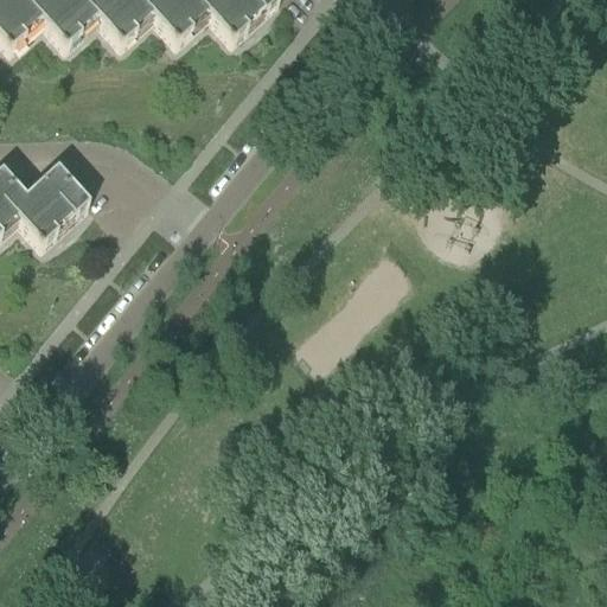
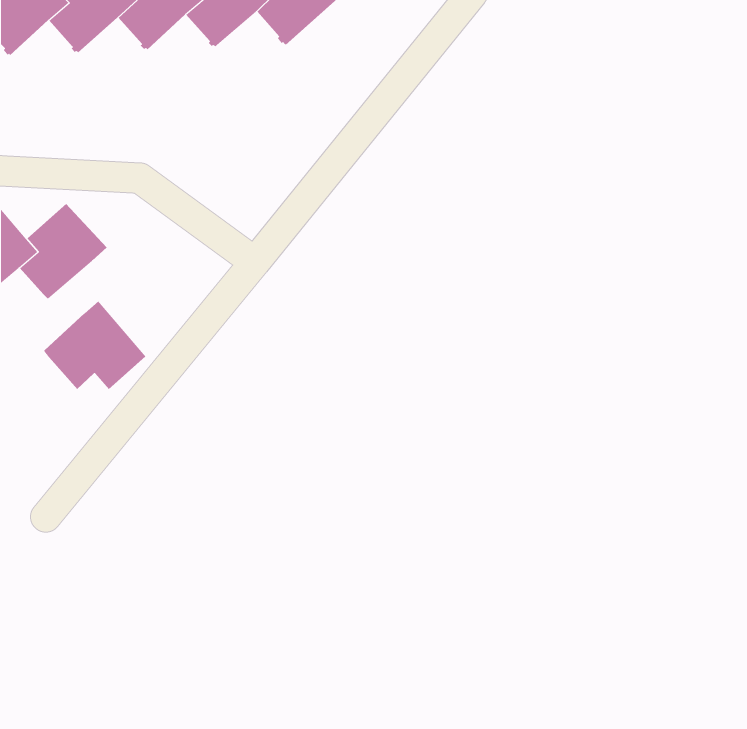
building: none -> [44,301,146,390]

